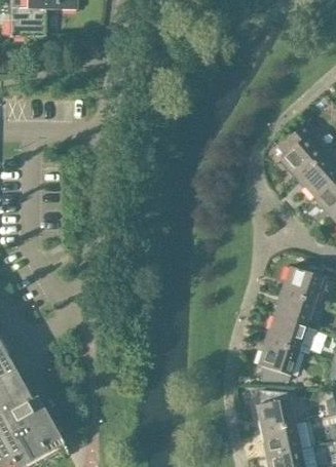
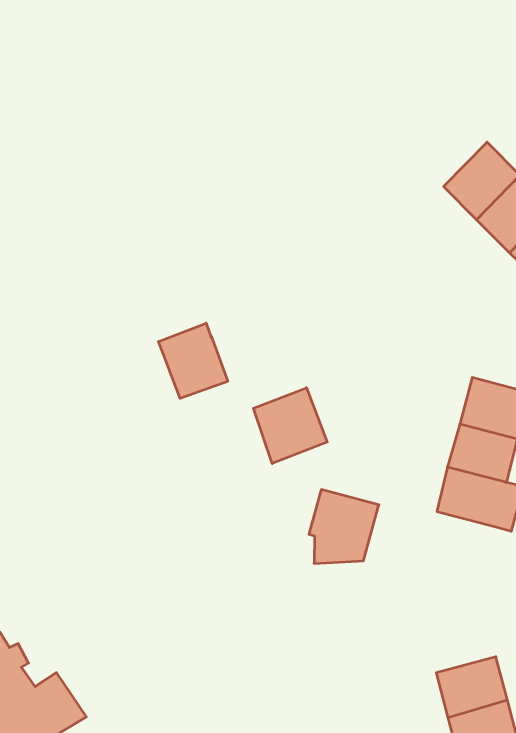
building: none -> [158,323,228,398]
building: none -> [253,388,327,464]
building: [261,339,301,380] -> [309,490,379,563]
building: [258,387,298,429] -> none

